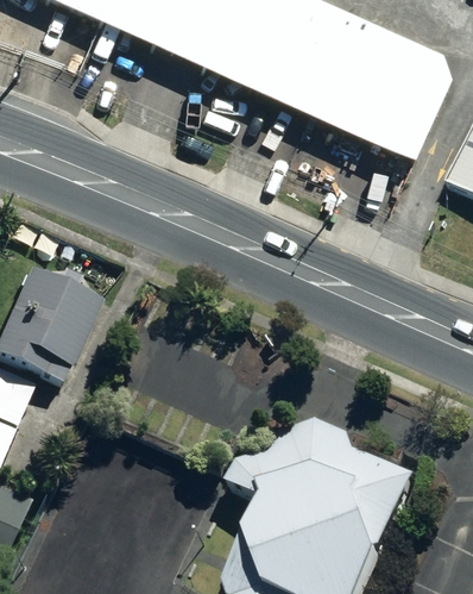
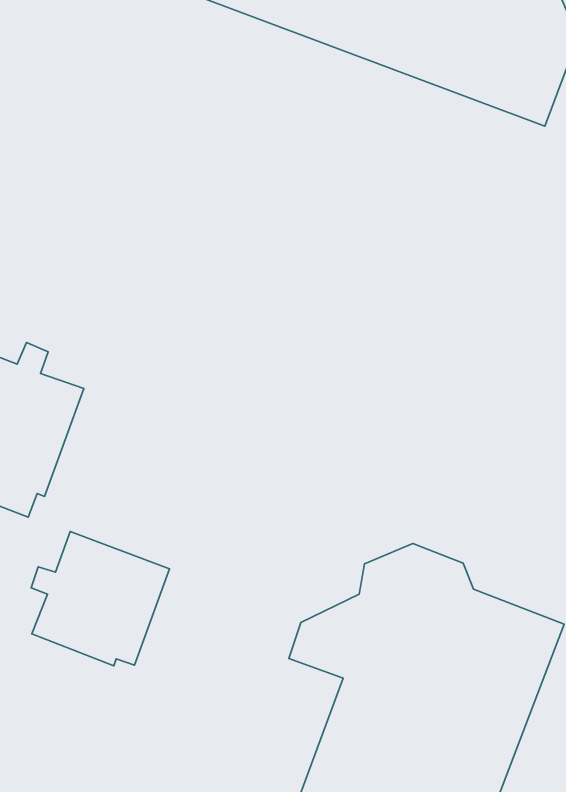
building: none -> [31,532,170,666]

